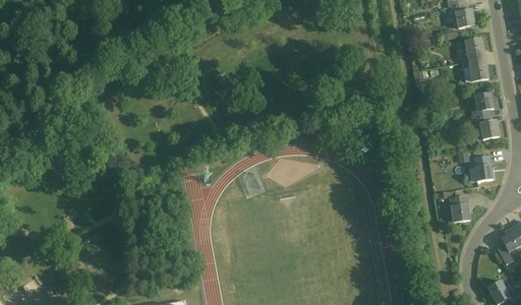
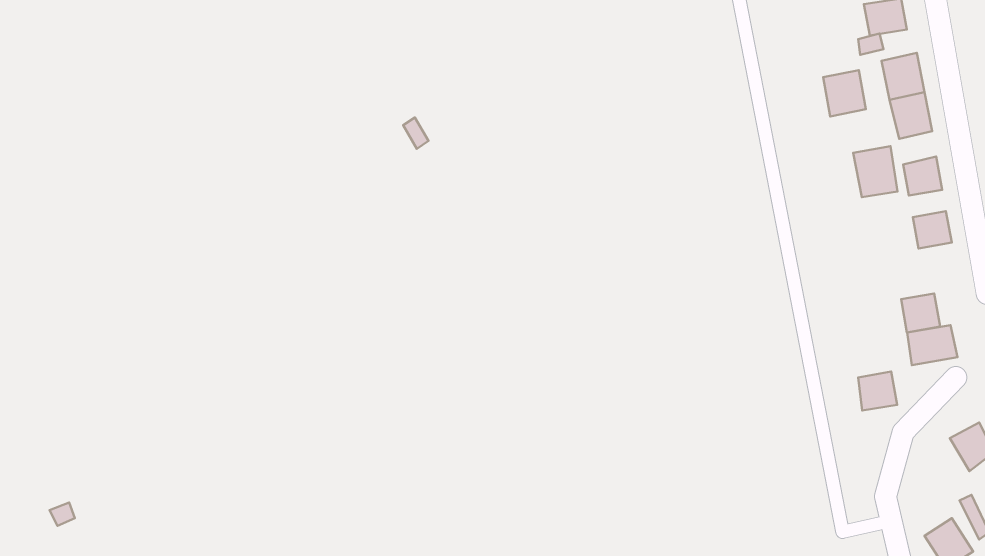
building: none -> [823,70,866,116]
building: none -> [853,146,898,197]
building: none -> [907,325,957,365]

